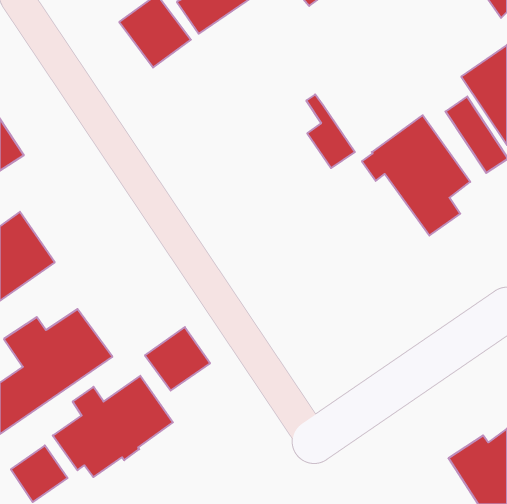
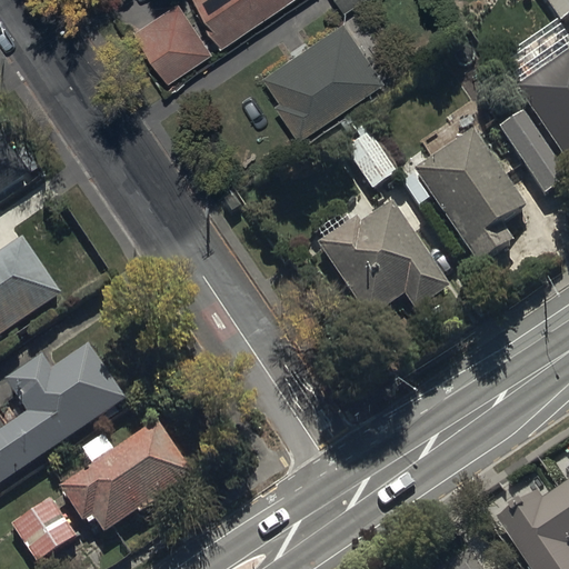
building: none -> [263,13,386,132]
building: none -> [309,199,451,318]
building: [145,327,210,391] -> none

